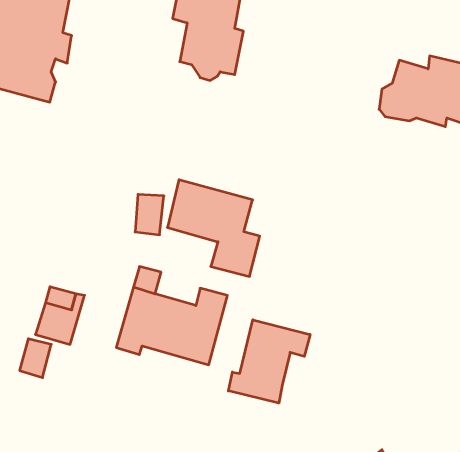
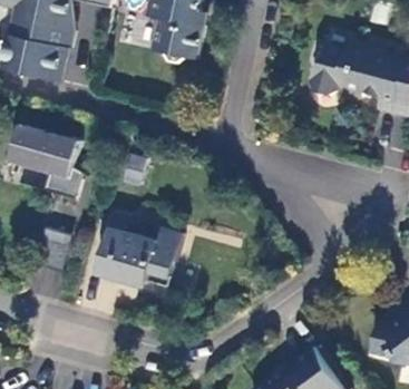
building: [167,180,260,276] -> [22,119,94,194]
building: [228,320,310,403] -> none

